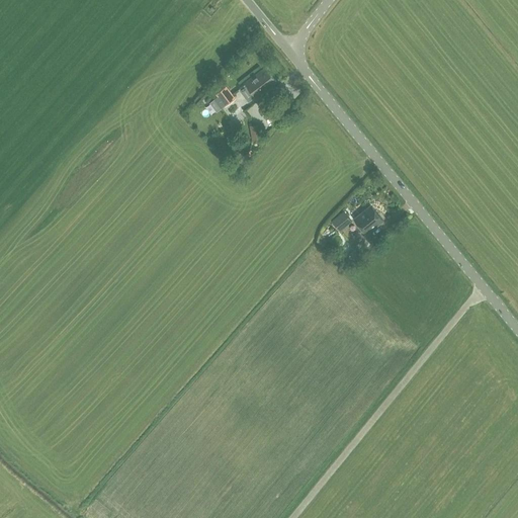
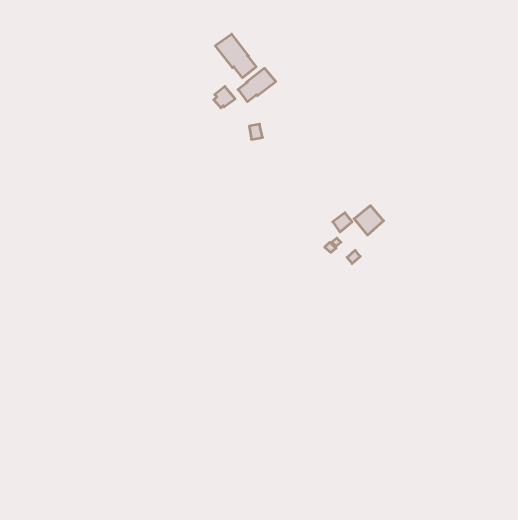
building: none -> [215,34,256,78]

